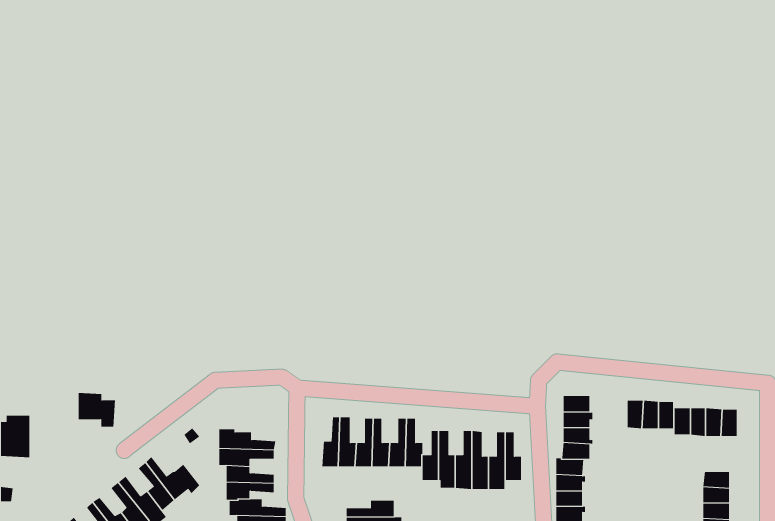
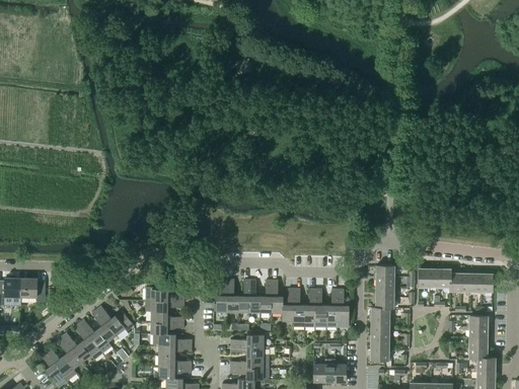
building: [78,392,116,427] -> [20,278,46,301]

